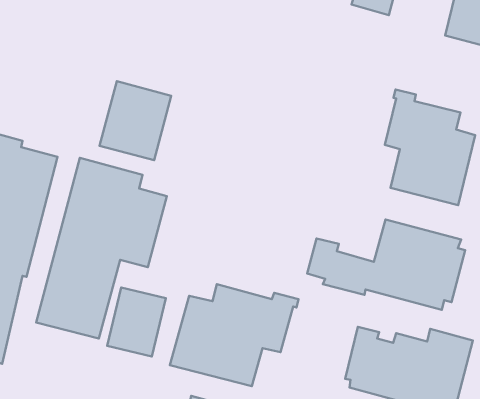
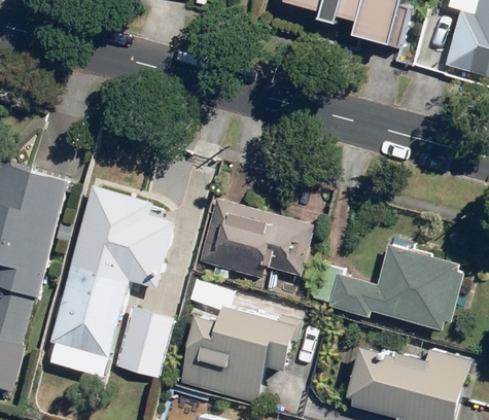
building: [100,81,171,160] -> none
building: [385,89,475,205] -> none
building: none -> [198,198,315,277]

